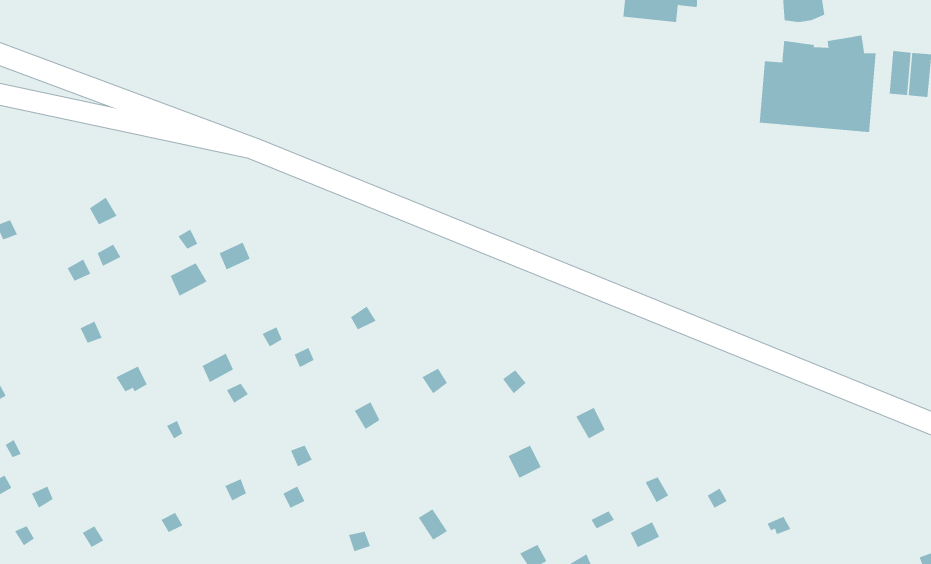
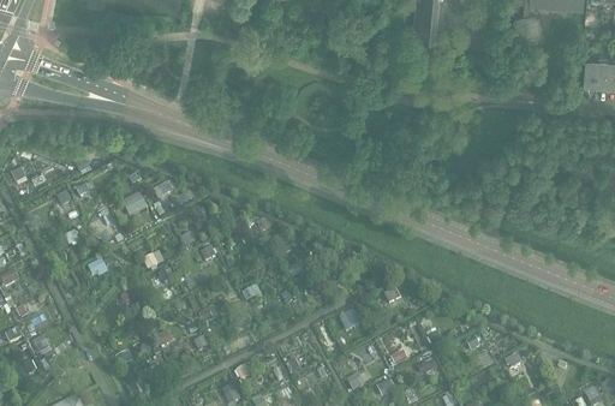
building: [759,34,876,133] -> none

